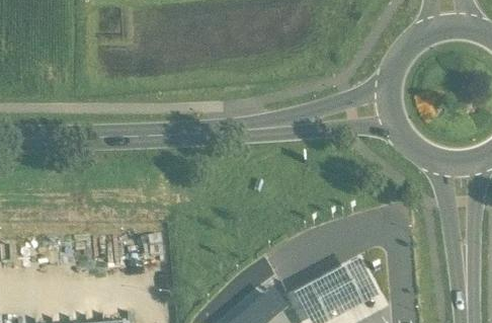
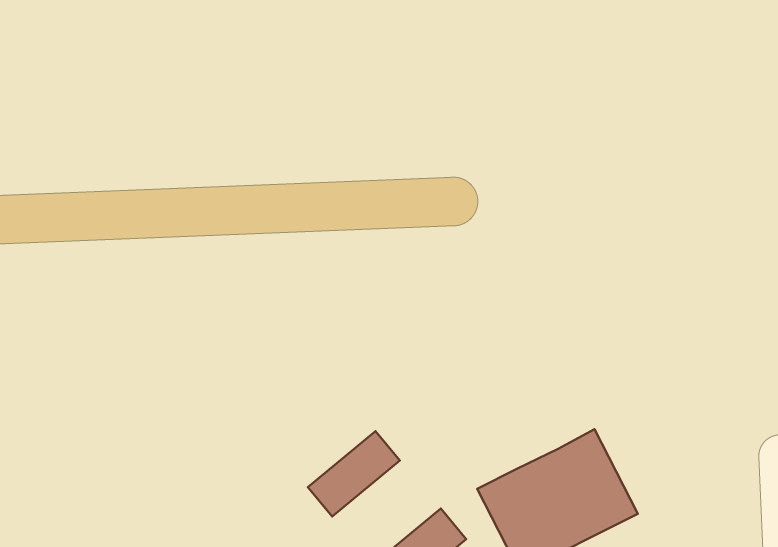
building: none -> [308,431,400,516]

